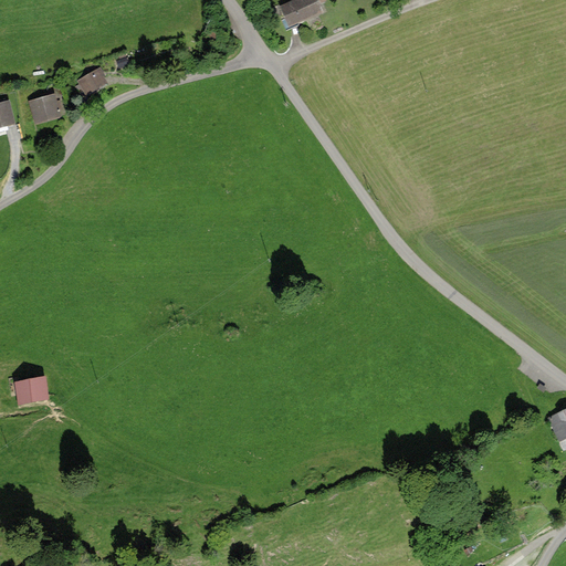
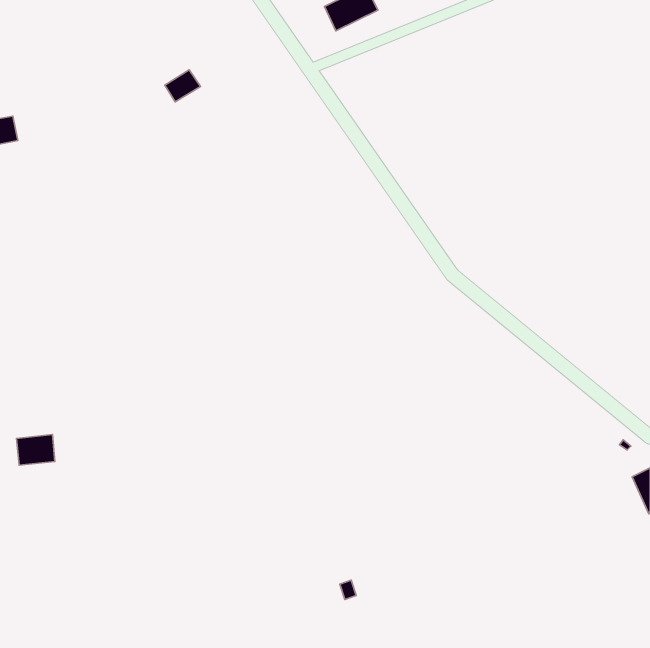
building: [80,67,111,95] -> [165,70,201,102]
building: [29,94,61,122] -> none

